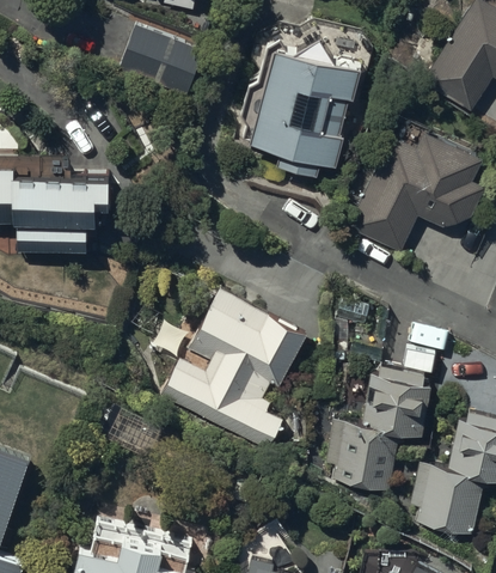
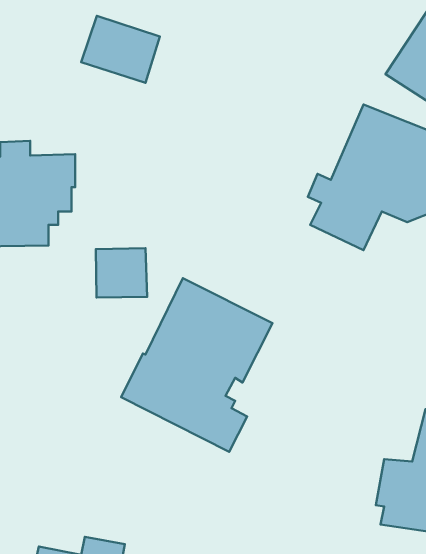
building: [244,24,372,179] -> none
building: none -> [96,248,147,298]
building: [326,362,431,493] -> none

